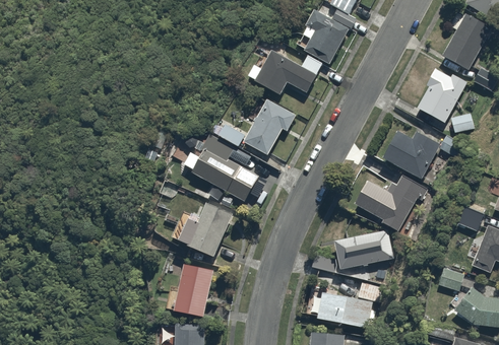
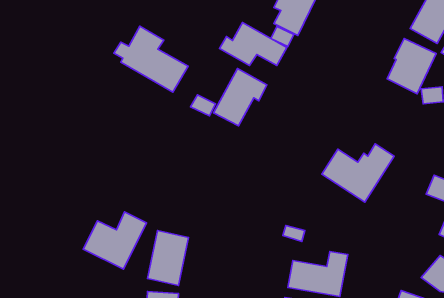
building: [381,131,440,180] -> none
building: [183,136,258,203] -> [114,26,188,92]
building: [169,199,233,257] -> [83,212,146,269]
building: [333,229,396,284] -> none
building: [436,265,465,294] -> none

